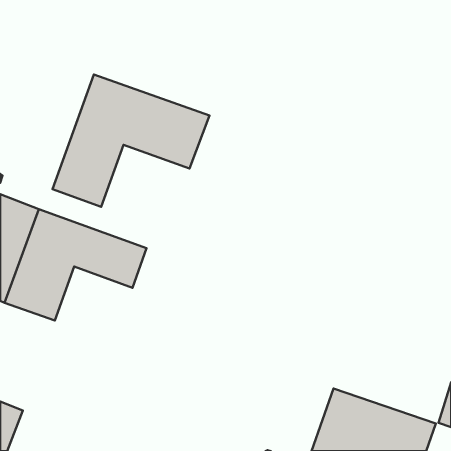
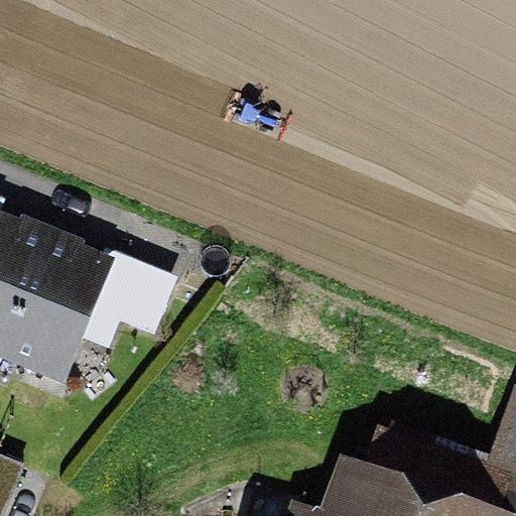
building: [53,75,209,207] -> none

